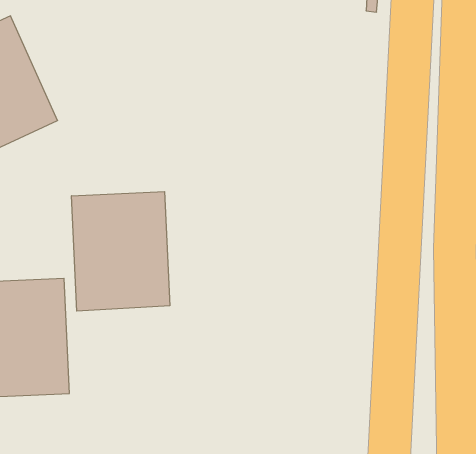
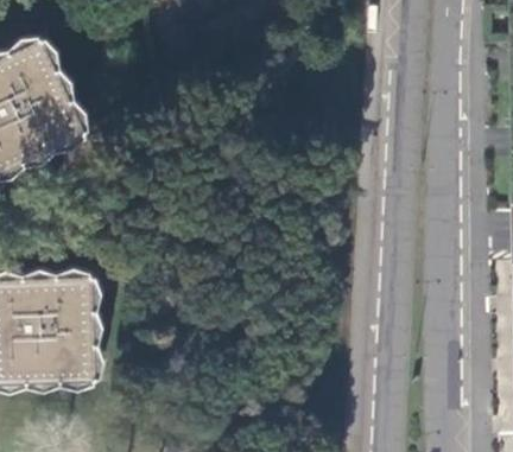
building: [72,192,170,311] -> none

